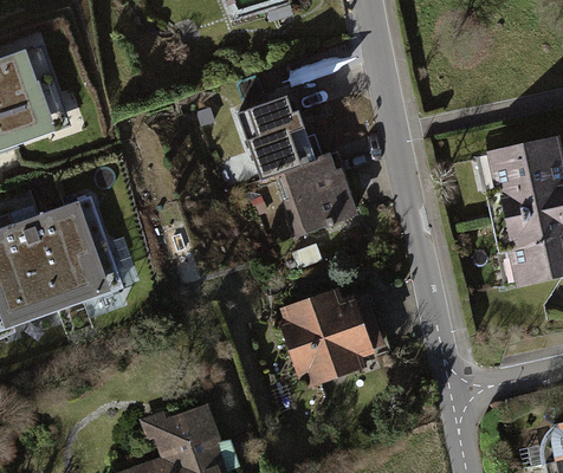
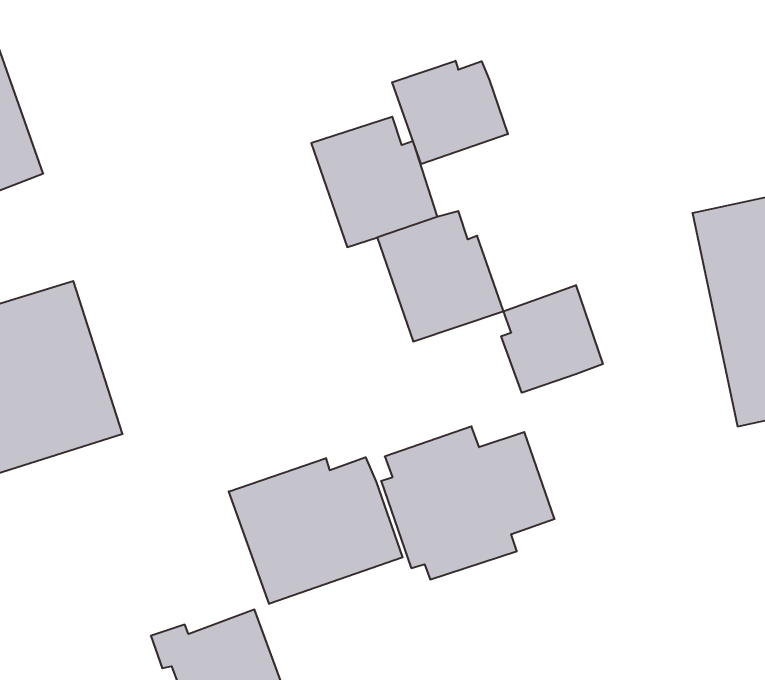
building: none -> [392,61,508,164]
building: none -> [501,285,603,393]
building: none -> [229,457,403,604]

